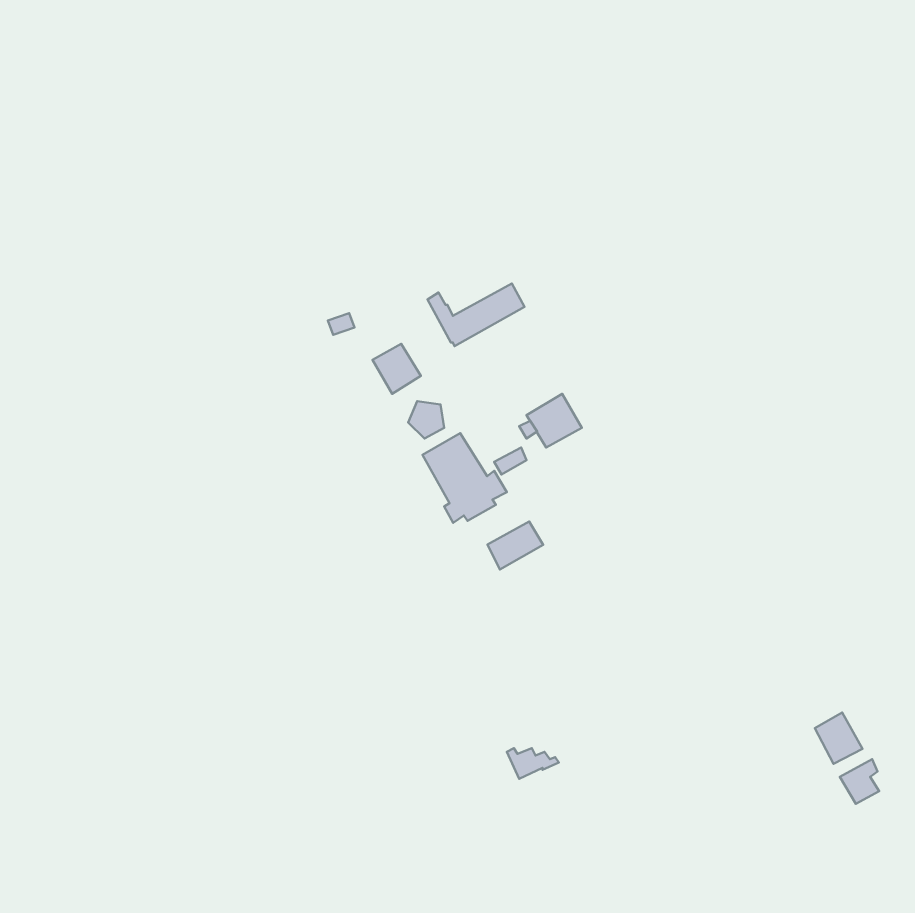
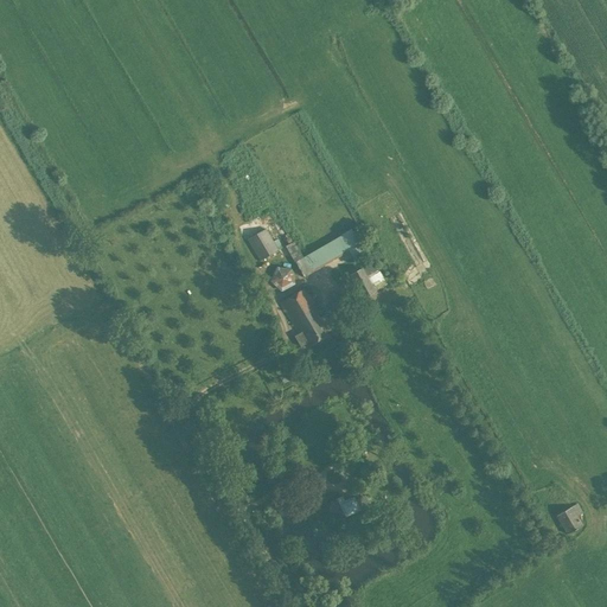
building: [428,283,524,346] -> [286,235,350,276]
building: [487,522,543,570] -> none
building: [815,712,862,764] -> none

